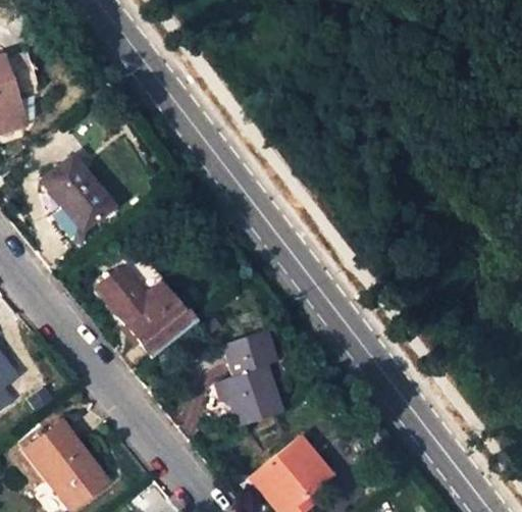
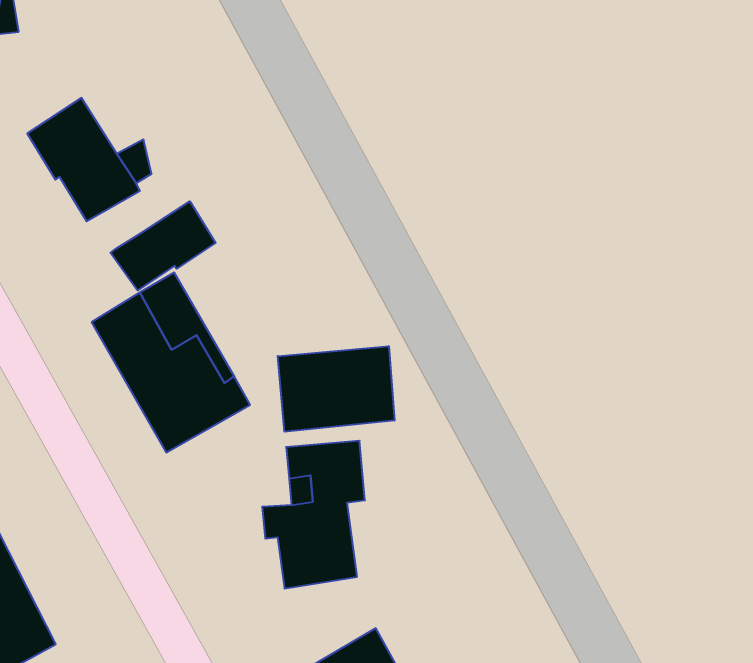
building: none -> [110,201,216,290]
building: none -> [278,346,394,432]

